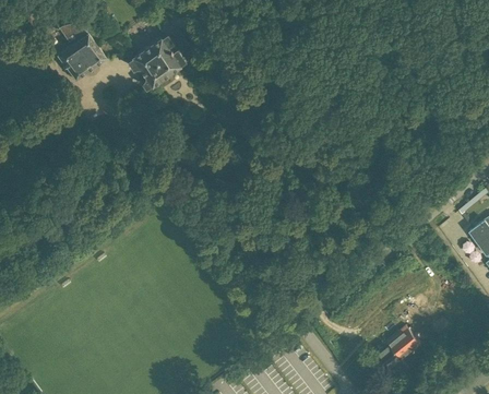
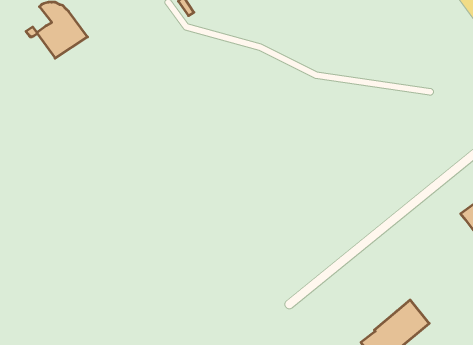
building: [129,28,195,89] -> none

